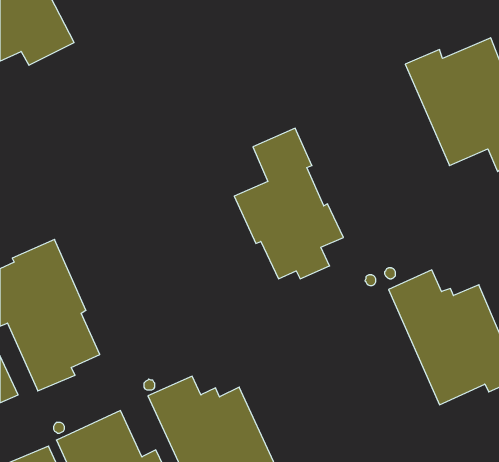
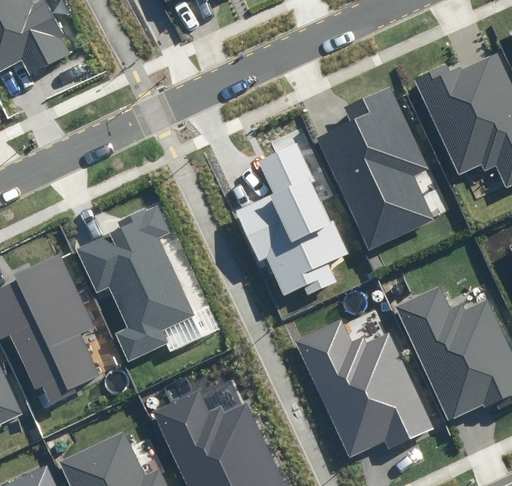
building: none -> [317,86,434,249]
building: none -> [77,203,194,362]
building: none -> [295,317,435,457]

